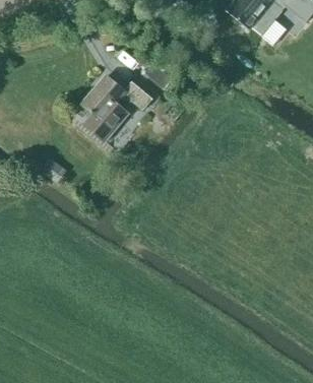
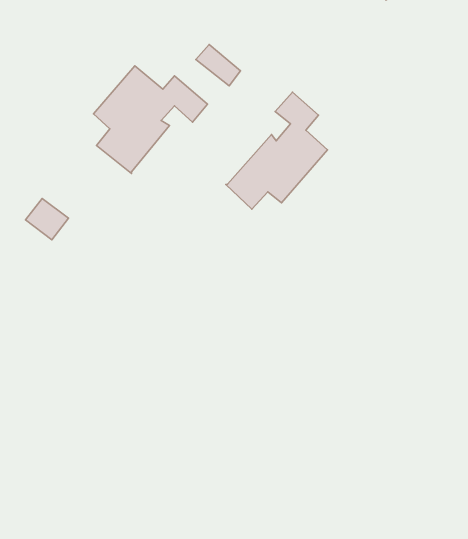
building: none -> [226,92,327,209]

